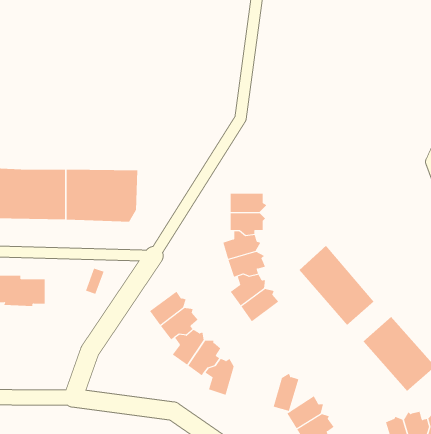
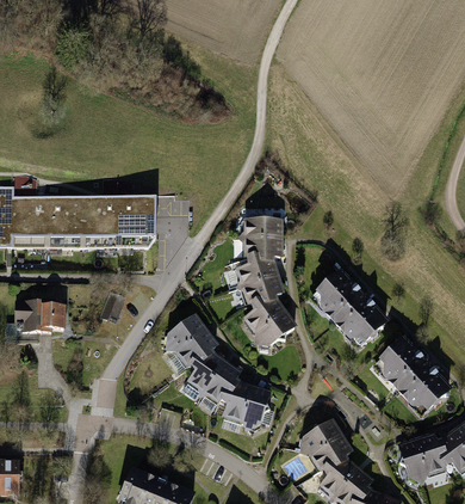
building: [273,373,299,412] -> [242,387,268,425]

